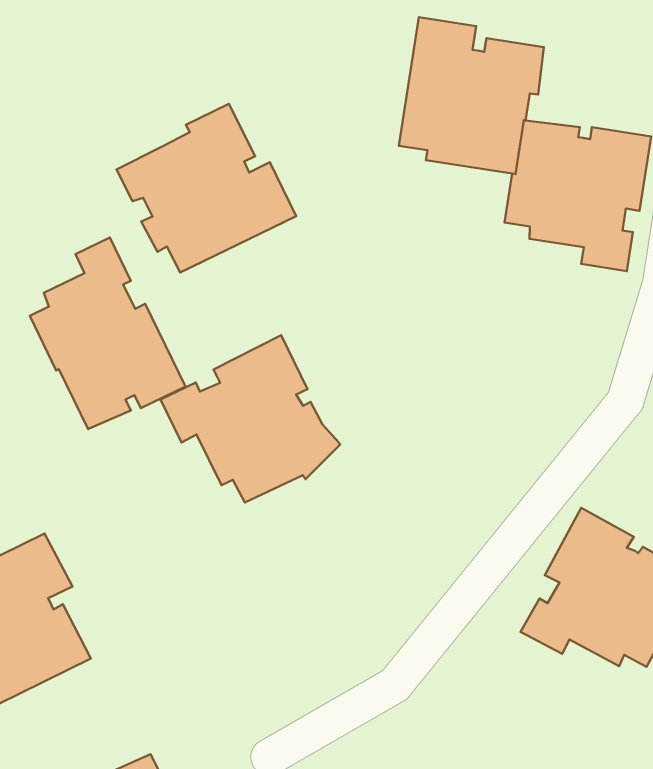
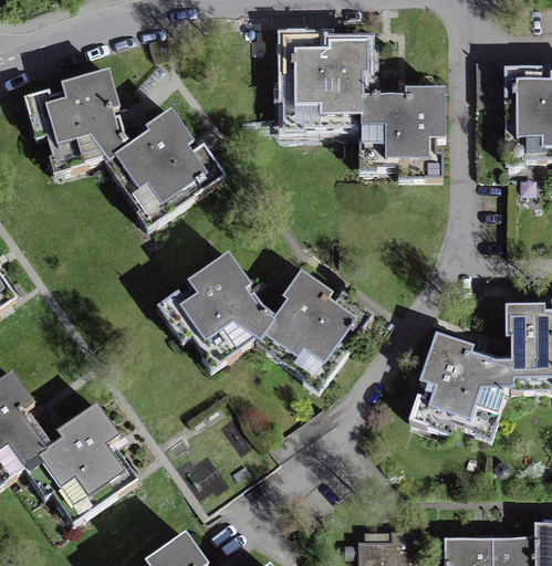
building: none -> [24,69,133,169]
building: [30,237,185,429] -> none
building: none -> [256,269,374,380]

